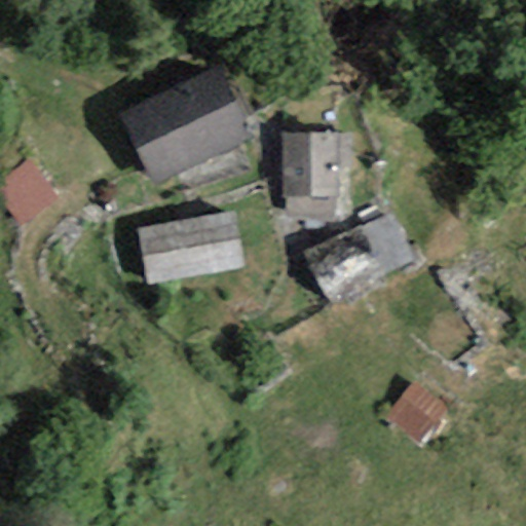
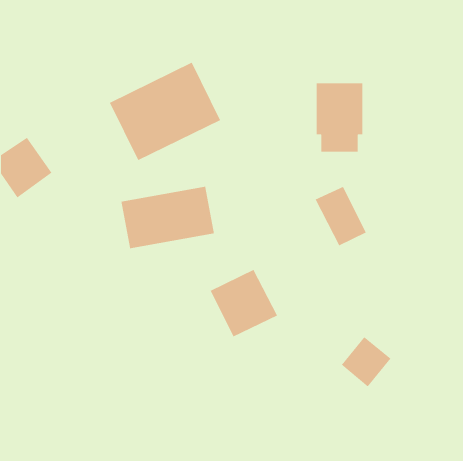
building: [283,136,336,215] -> [316,83,363,152]
building: [306,226,384,304] -> [209,269,278,338]

